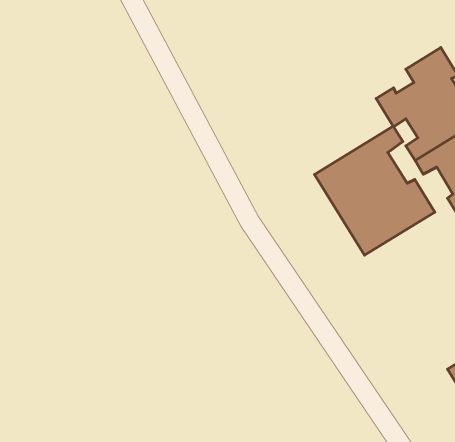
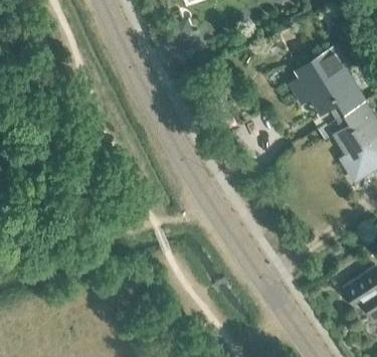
building: [315,126,435,255] -> none

